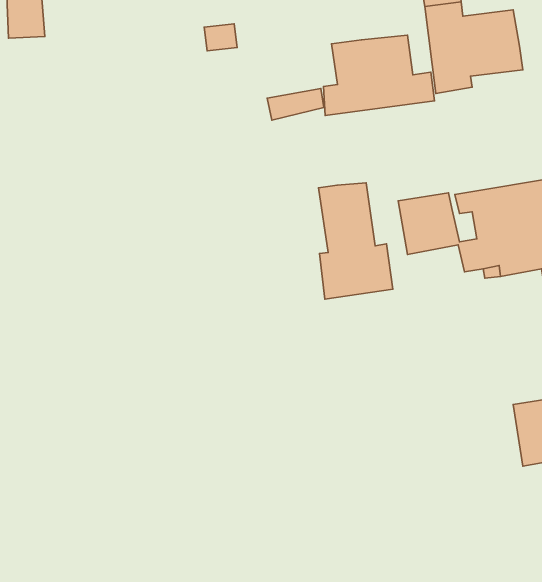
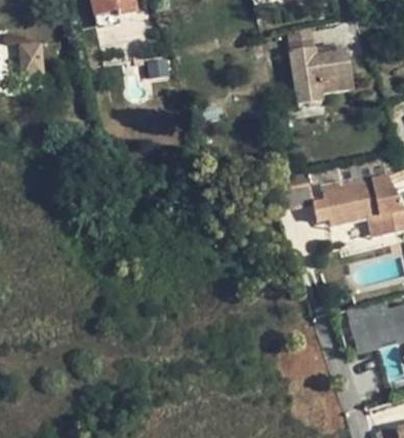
building: [324,35,434,115] -> none
building: [319,183,393,299] -> none

